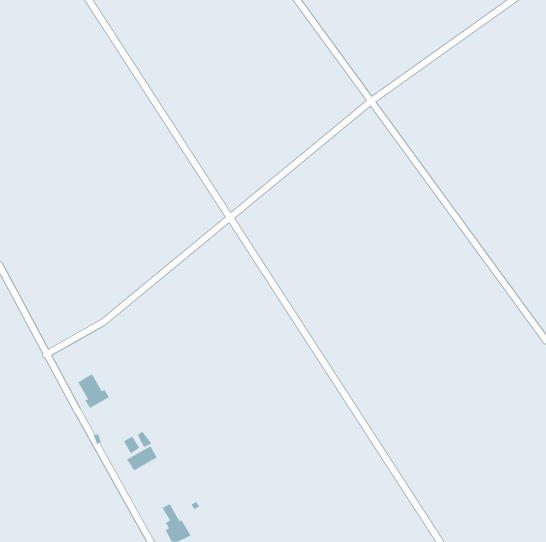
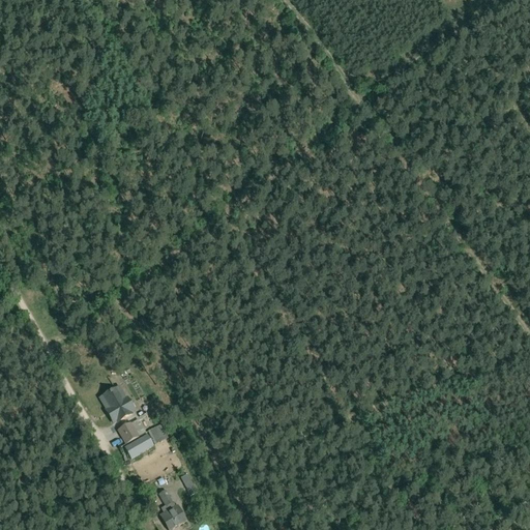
building: [78,374,110,409] -> [106,391,137,425]

